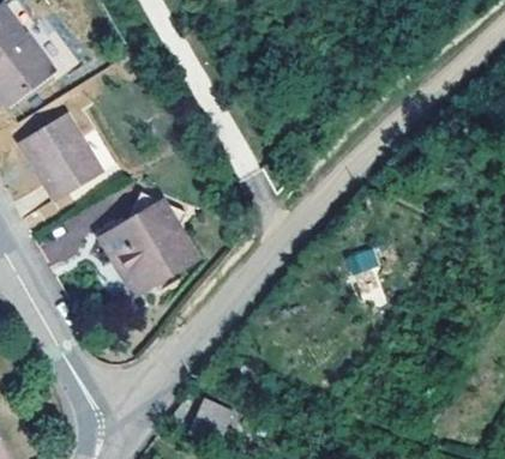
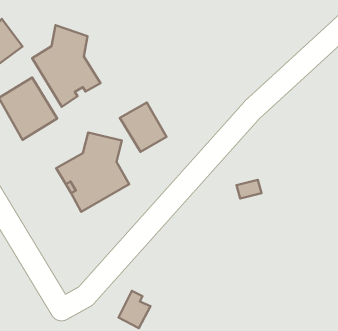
building: none -> [32,25,100,107]
building: none -> [120,102,167,152]

